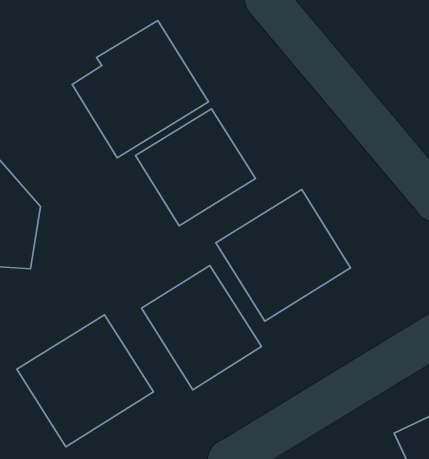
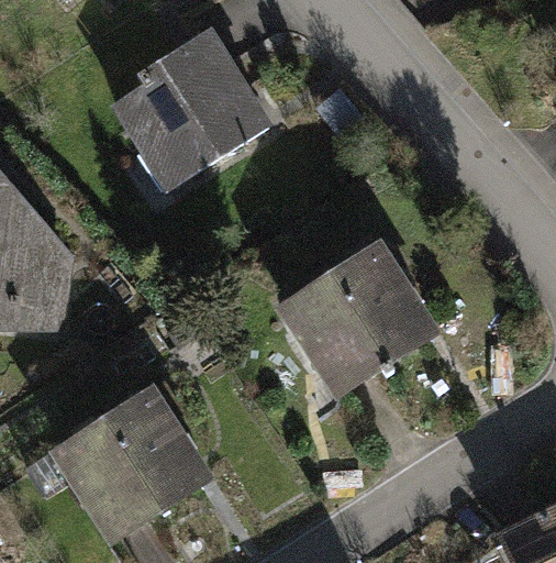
building: [136,109,256,226] -> none
building: [141,266,261,390] -> none

